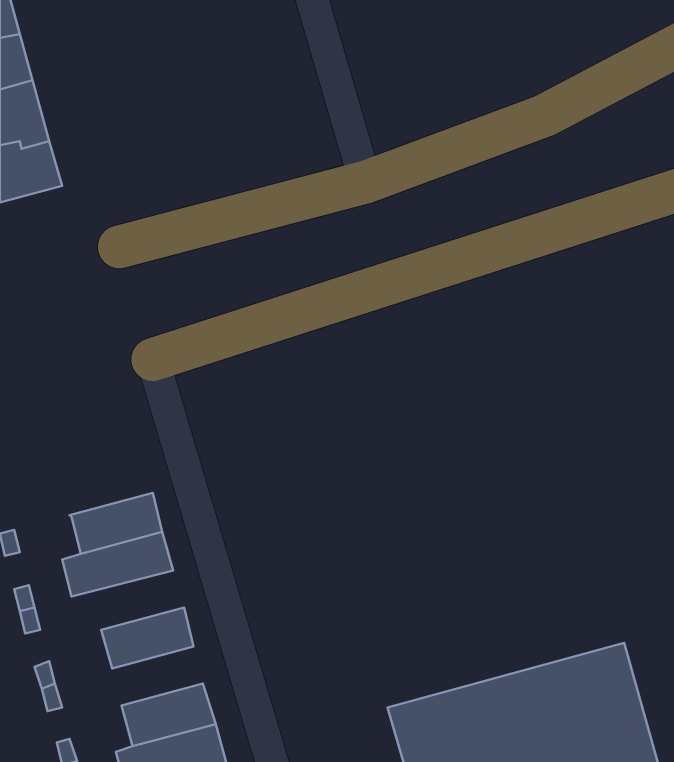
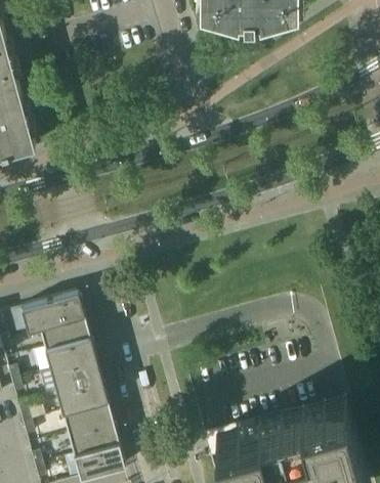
building: none -> [8,298,85,340]
building: none -> [40,363,102,399]
building: none -> [62,405,113,438]

